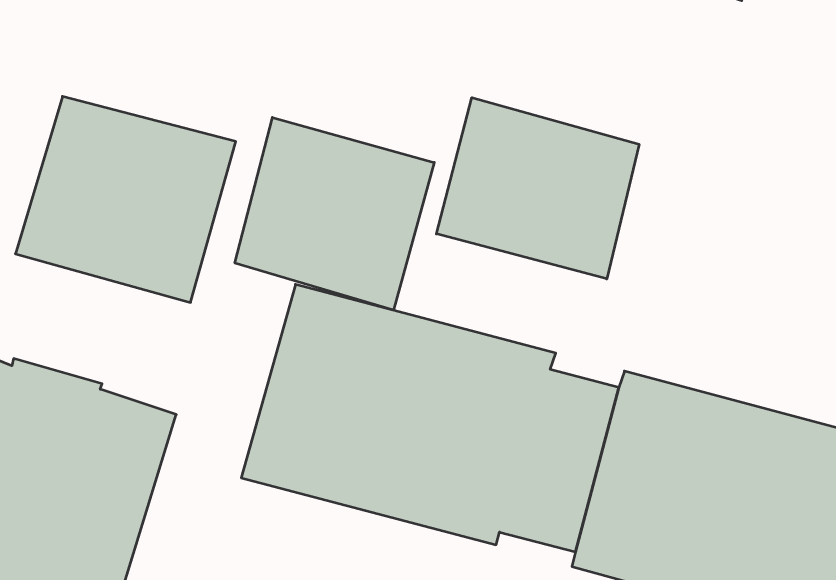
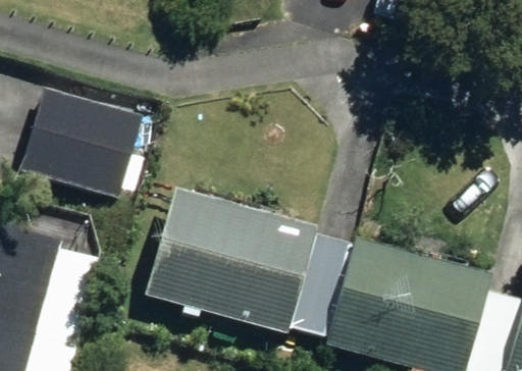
building: [436,98,639,279] -> none
building: [235,117,434,310] -> none

